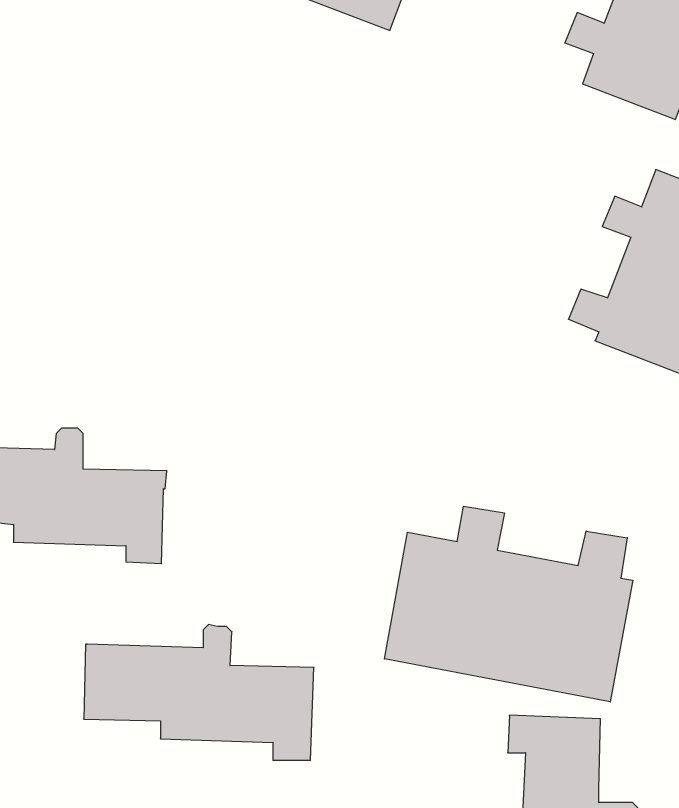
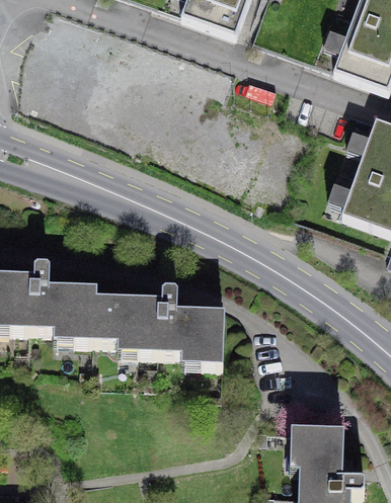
building: [384,506,633,702] -> none
building: [84,625,314,760] -> [95,285,226,362]

